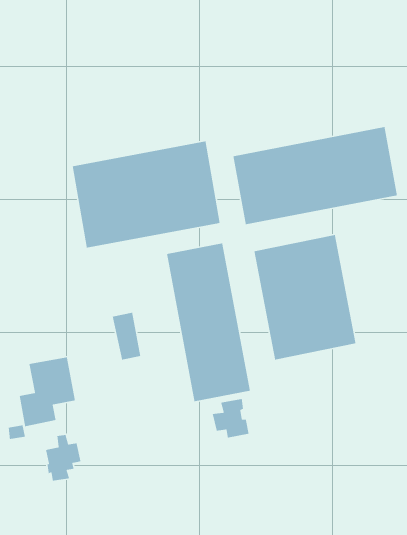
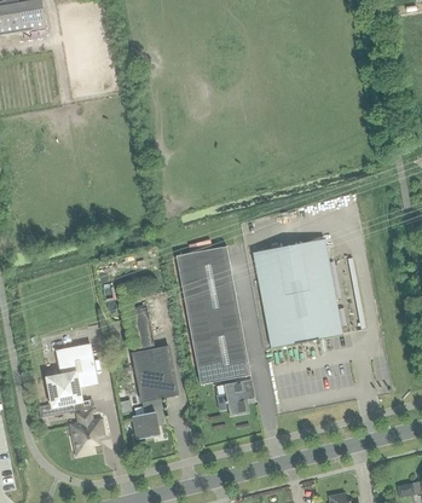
building: [232,126,398,225] -> none
building: [72,140,221,249] -> none
building: none -> [133,346,178,439]

